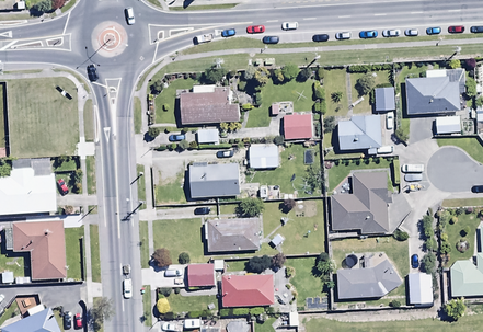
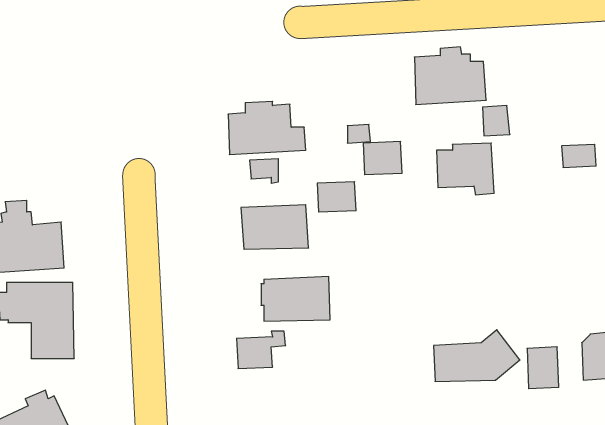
building: [406,70,461,114] -> [414,47,486,104]
building: [332,172,392,232] -> none
building: [222,274,274,307] -> none

